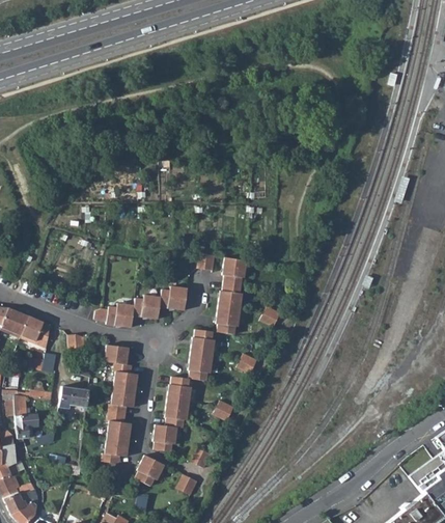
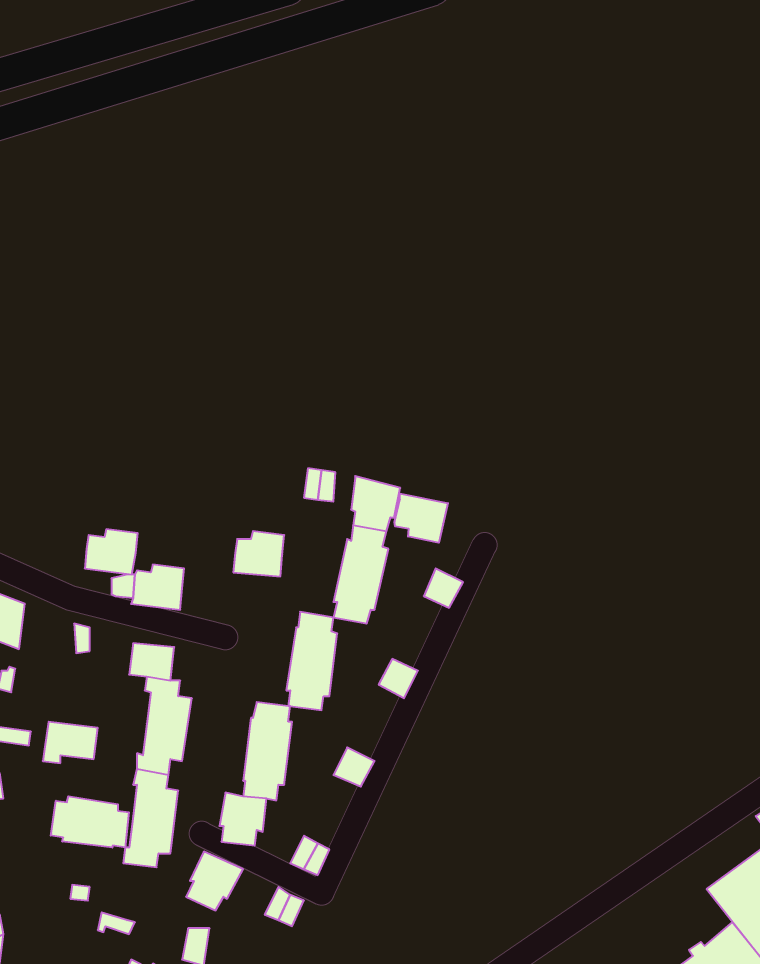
building: none -> [395,494,448,543]
building: [133,296,161,320] -> [85,529,138,574]
building: none -> [51,796,129,848]

